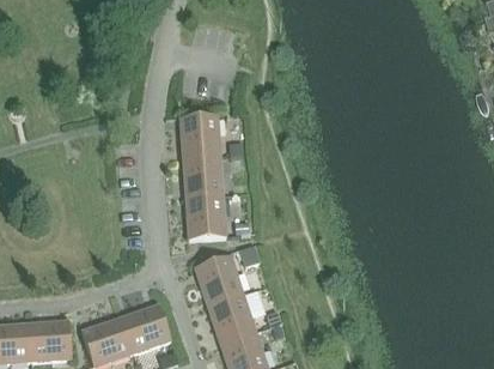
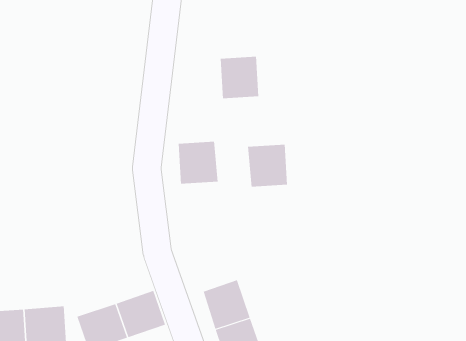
building: [181,114,220,157] -> [220,56,259,99]
building: [185,195,226,238] -> [247,144,288,187]
building: [195,255,243,306] -> none

